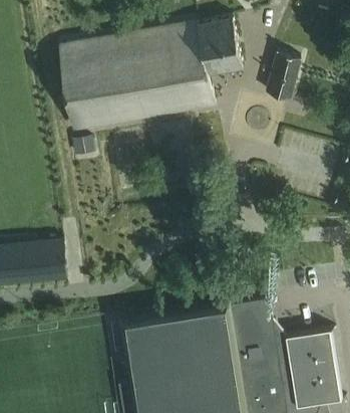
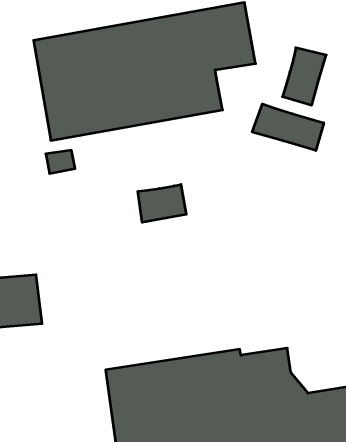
building: none -> [252,104,324,151]
building: none -> [138,184,186,222]

